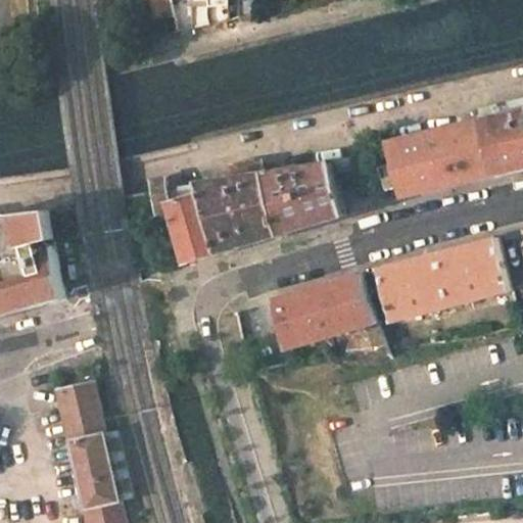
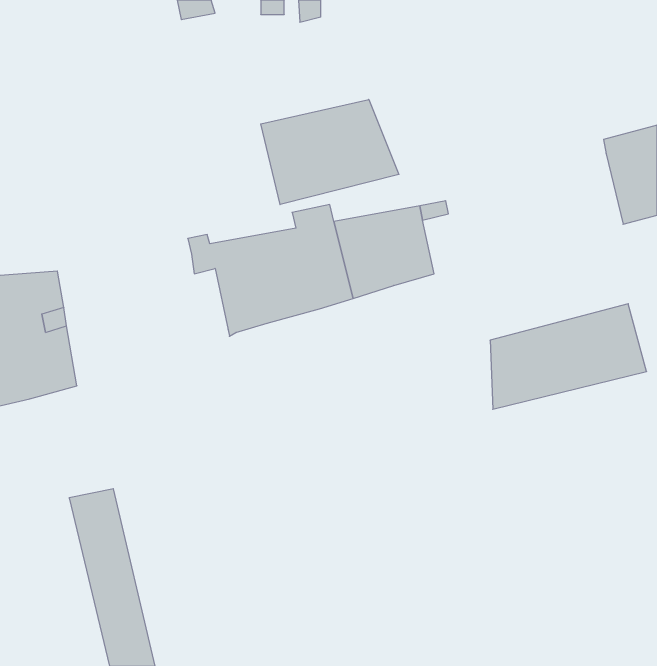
building: none -> [261,99,399,205]
building: [384,121,488,197] -> none
building: [270,273,380,354] -> none

